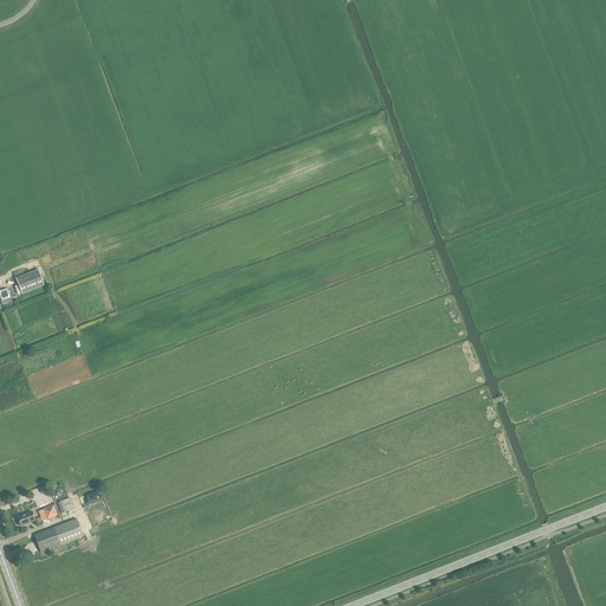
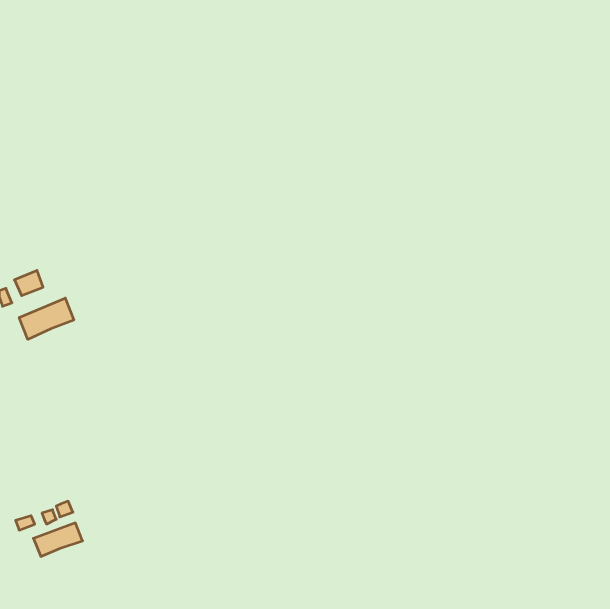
building: none -> [19,298,74,339]

